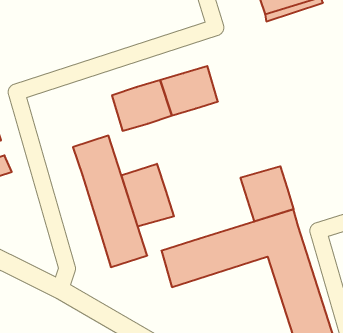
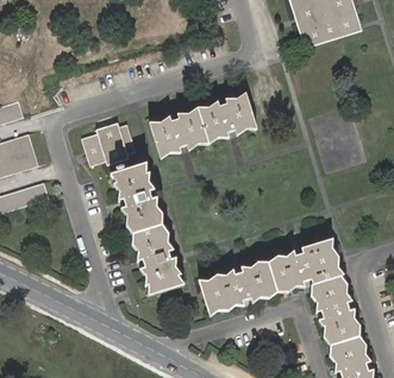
building: none -> [79,125,133,166]
building: [122,164,174,227] -> none
building: [241,166,294,222] -> none

